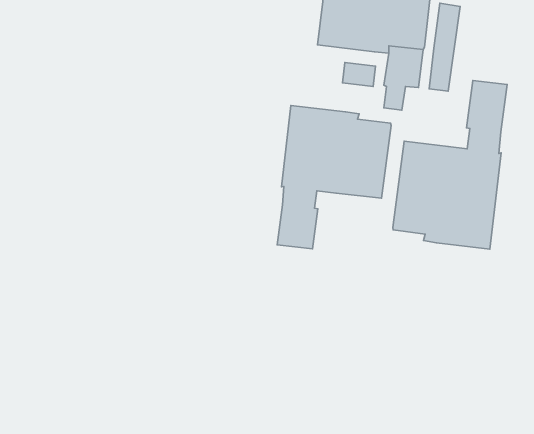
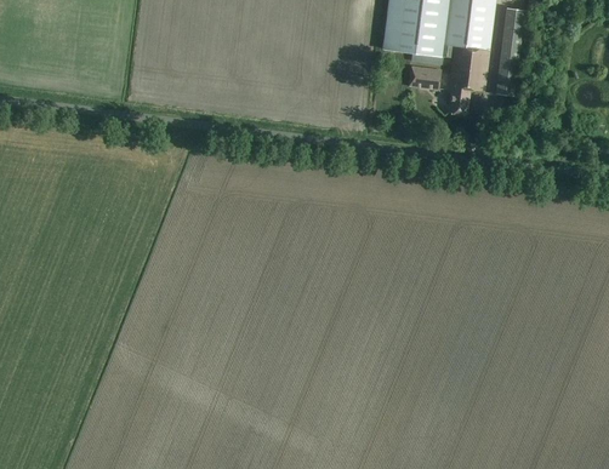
building: [393,80,507,249] -> none
building: [277,105,391,249] -> none

